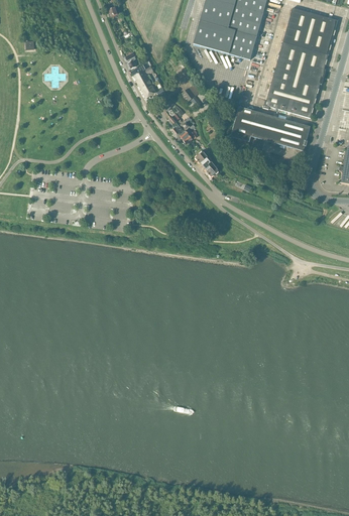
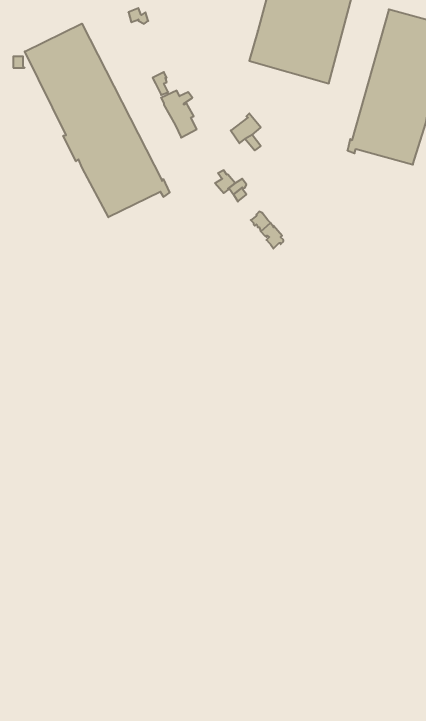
building: none -> [25,24,170,217]
building: [230,106,310,150] -> none

